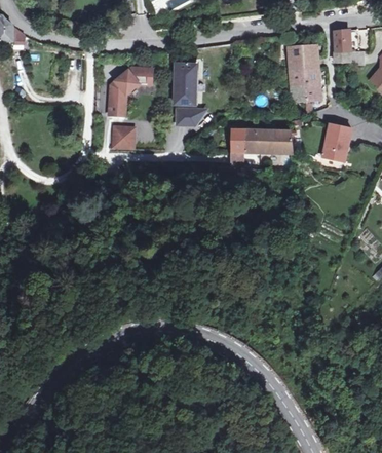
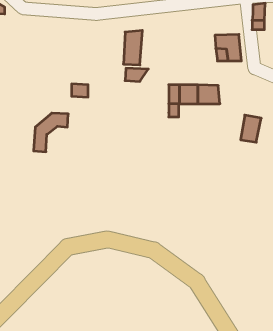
building: [285,45,317,68] -> none
building: [109,67,152,115] -> [34,113,68,152]
building: [326,122,351,156] -> [241,115,261,142]

